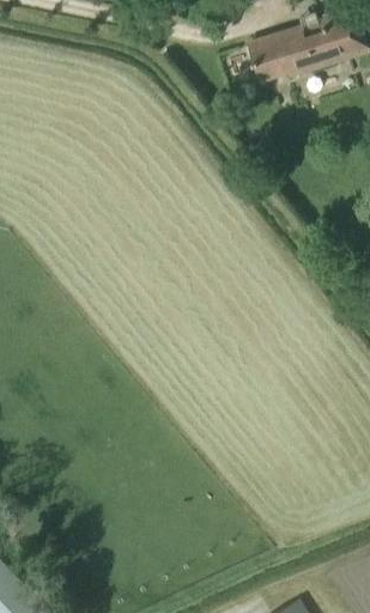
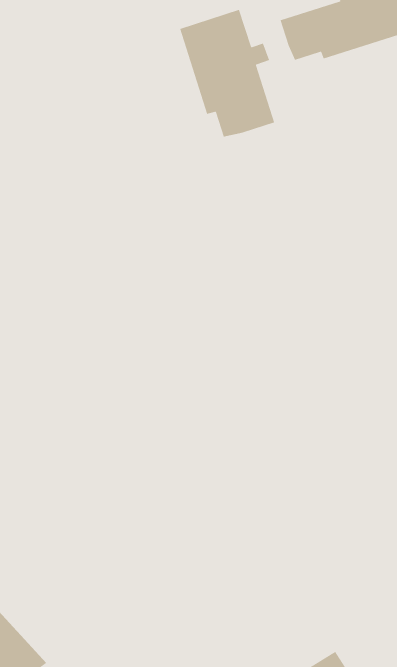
building: none -> [179,9,275,137]

